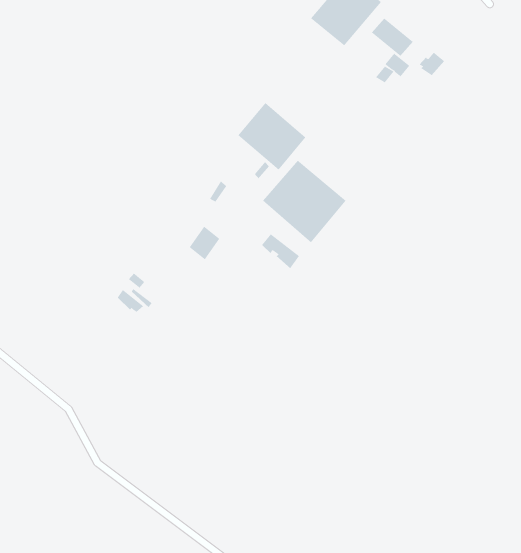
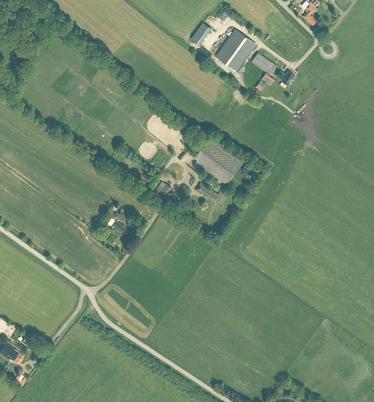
building: [238,102,306,170] -> none

